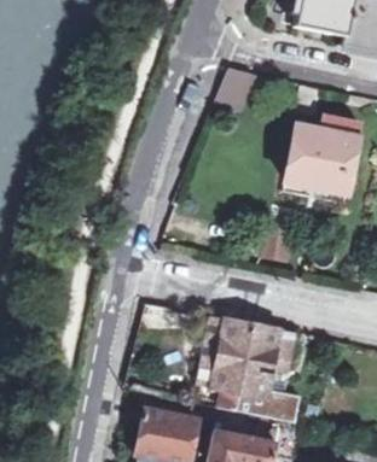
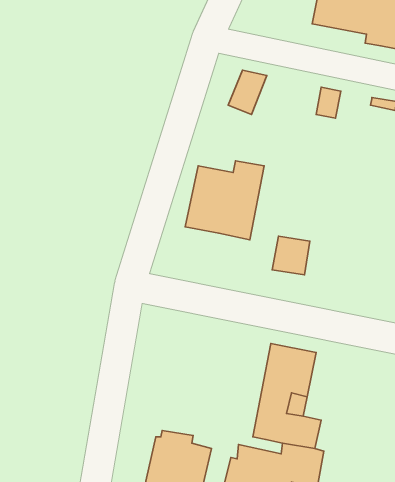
building: [286,119,360,193] -> [185,161,264,240]
building: [193,316,254,411] -> none

